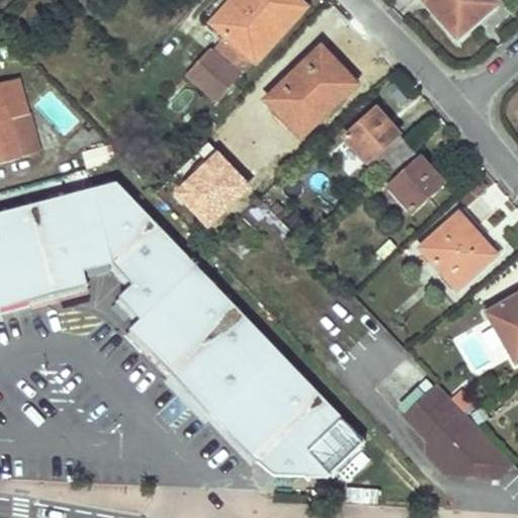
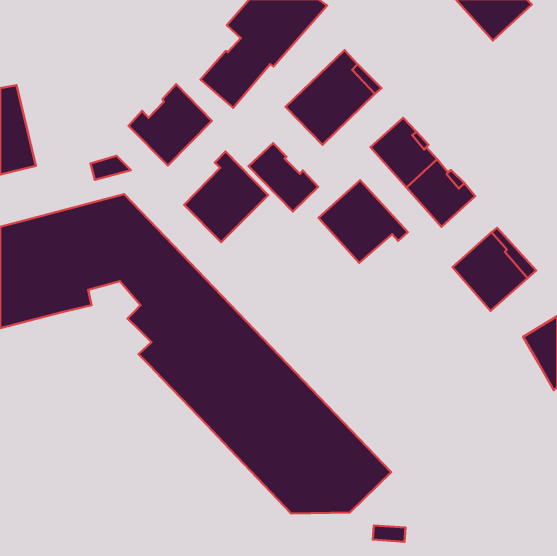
building: none -> [128,84,212,165]
building: none -> [249,143,318,211]
building: none -> [319,180,408,263]
building: [406,385,512,478] -> none

